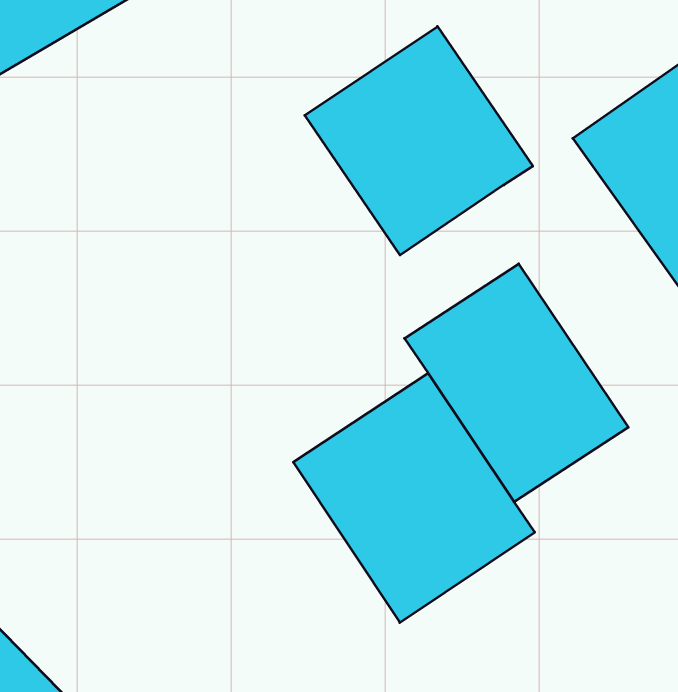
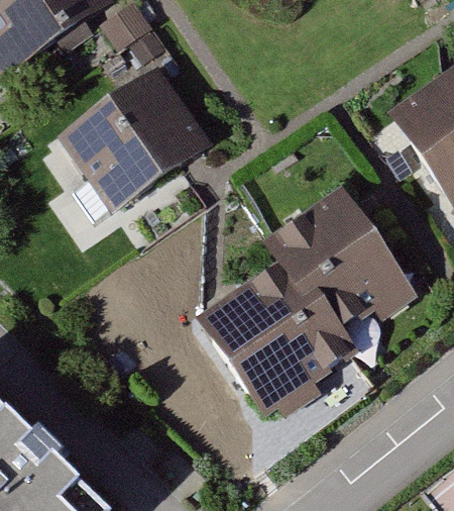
building: [305,26,533,255] -> none
building: none -> [64,68,215,212]

